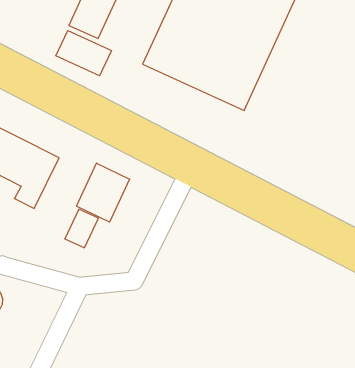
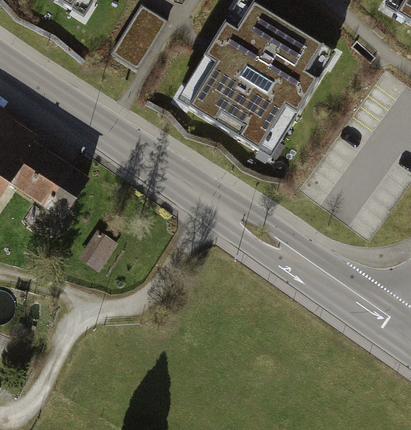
building: [56,31,112,76] -> none
building: [76,163,130,222] -> none

